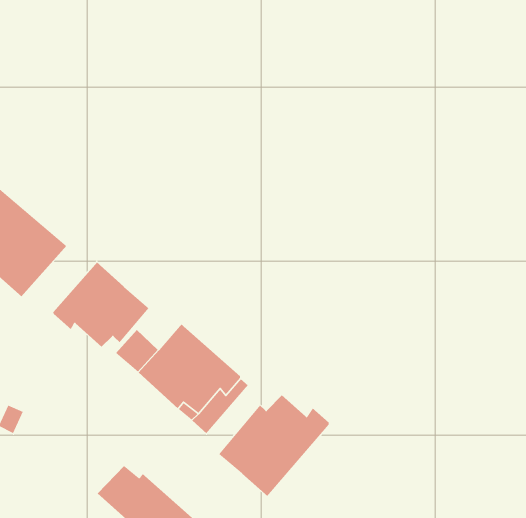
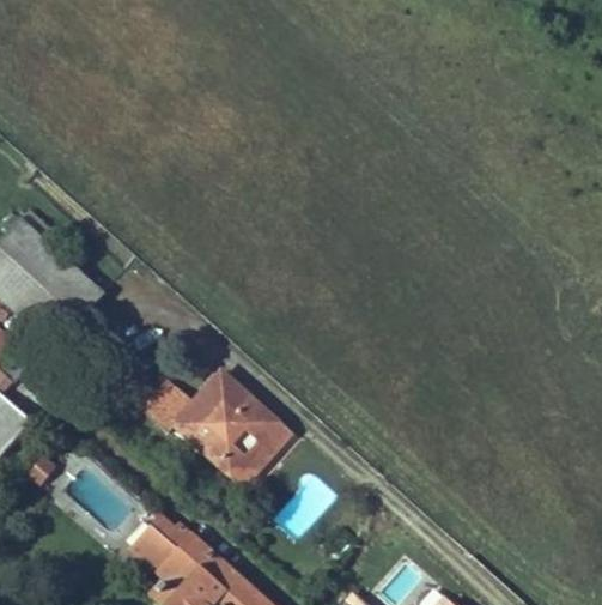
building: [52,262,150,348] -> none
building: [218,394,329,497] -> none

